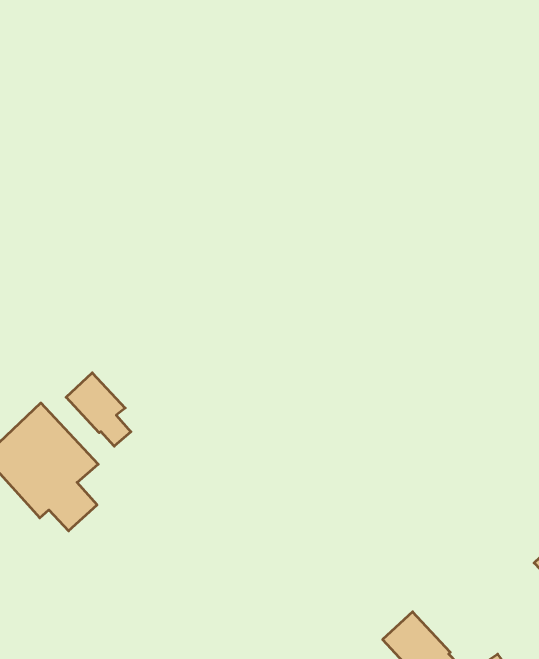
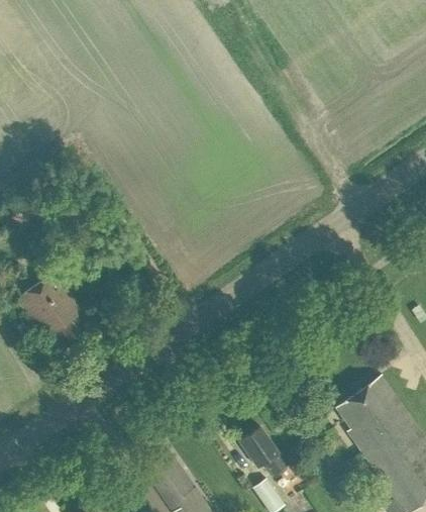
building: [66,373,131,446] -> none

